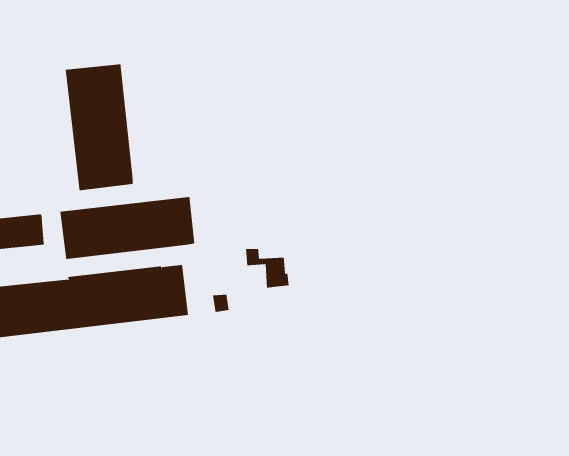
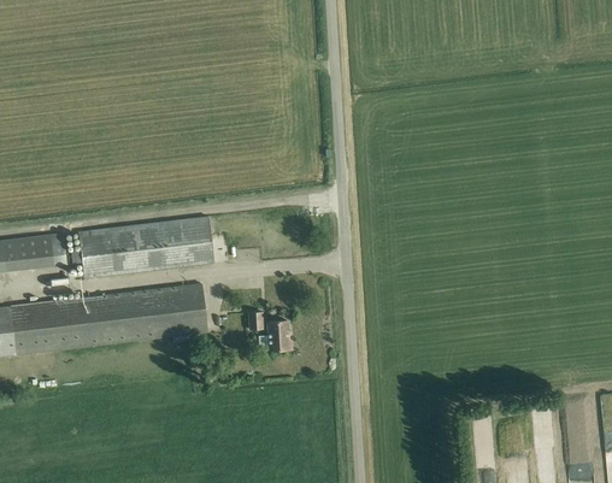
building: [65,63,133,191] -> none
building: [245,249,290,288] -> [247,312,290,351]

